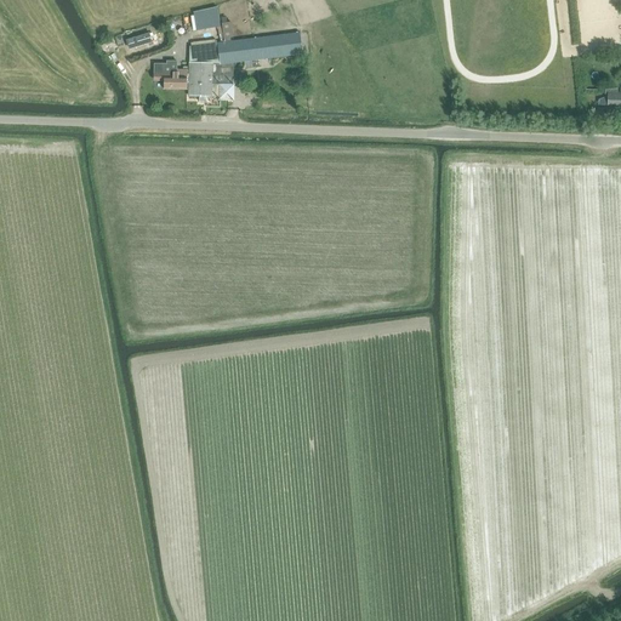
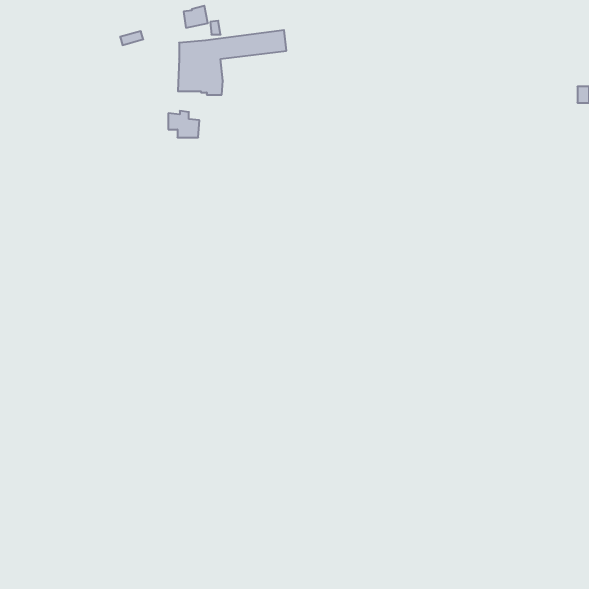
building: [153,61,186,89] -> [168,111,199,137]

